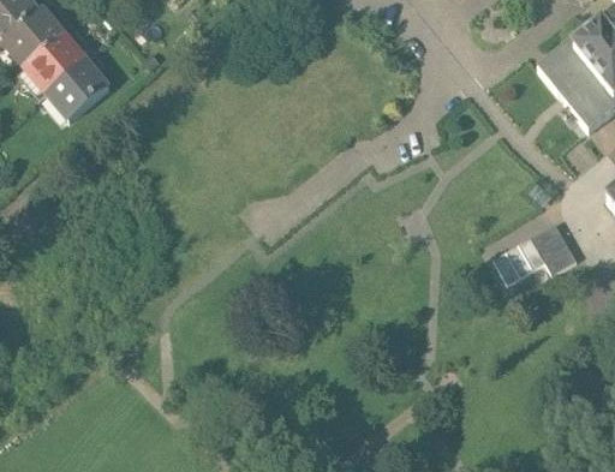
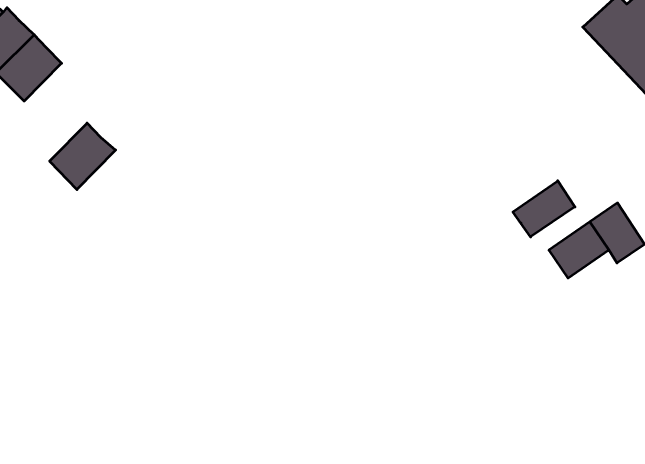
building: [52,60,109,116] -> [50,123,116,190]
building: none -> [513,181,575,237]

